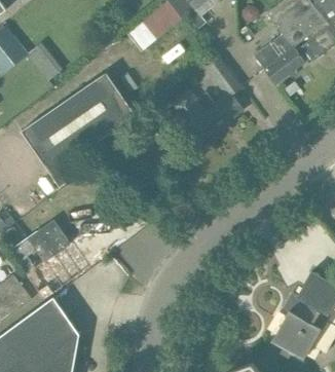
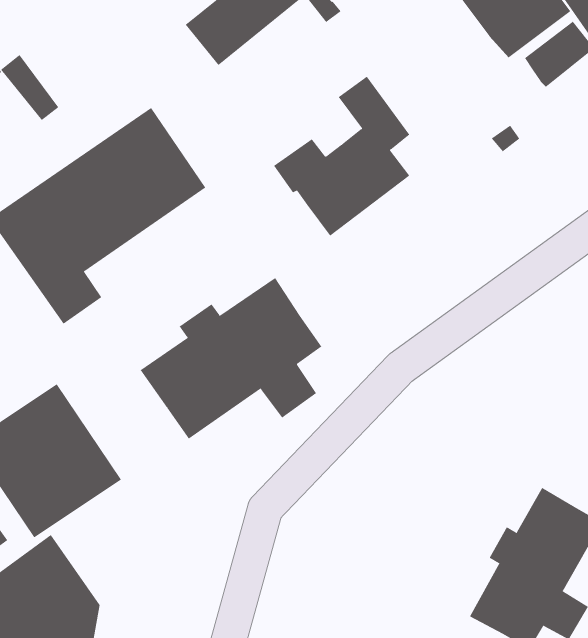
building: [253,35,308,84] -> none
building: none -> [140,277,322,439]

